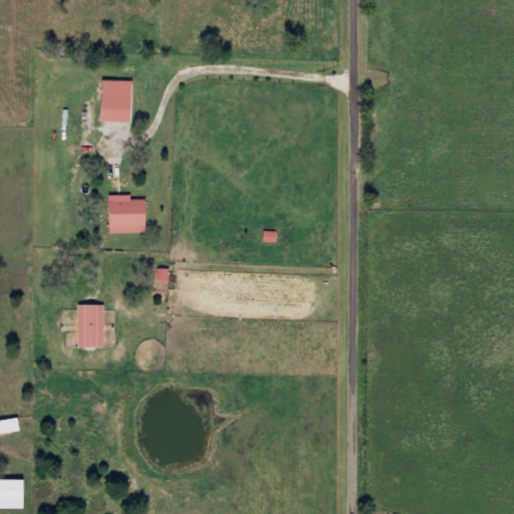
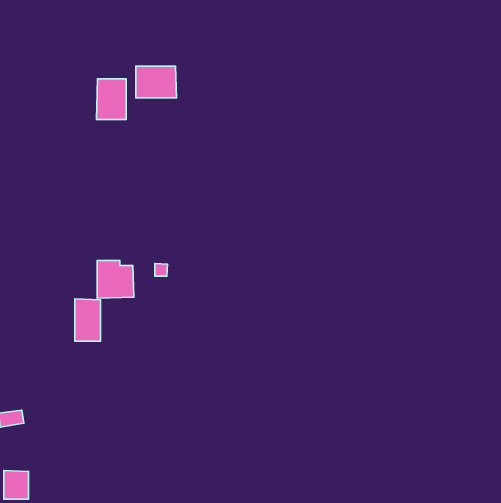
building: none -> [136,66,176,98]
building: [107,195,145,233] -> [97,261,134,298]

